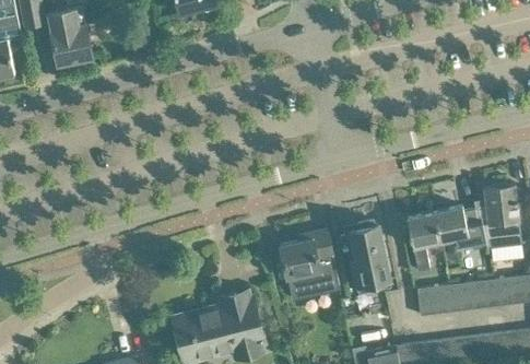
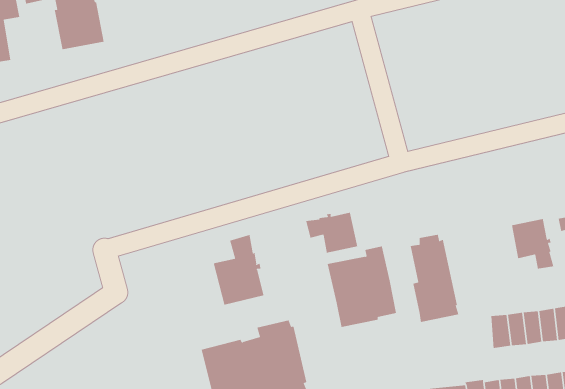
building: none -> [305,212,358,254]
building: [407,212,440,271] -> none
building: none -> [213,234,264,306]

